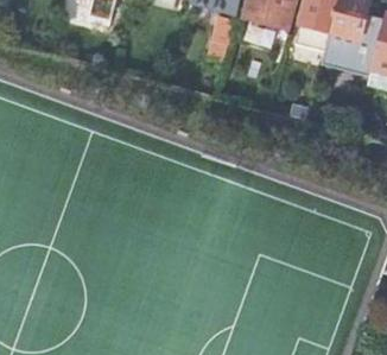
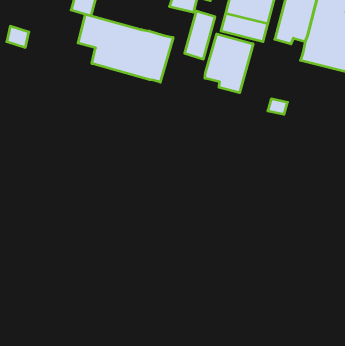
building: none -> [78,14,173,82]
building: none -> [205,34,253,93]

